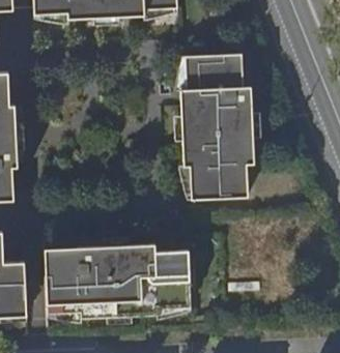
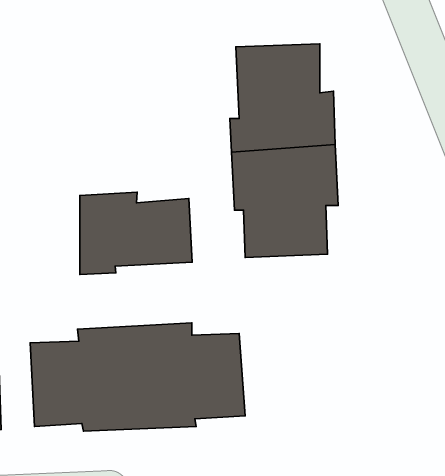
building: none -> [80,192,192,275]

